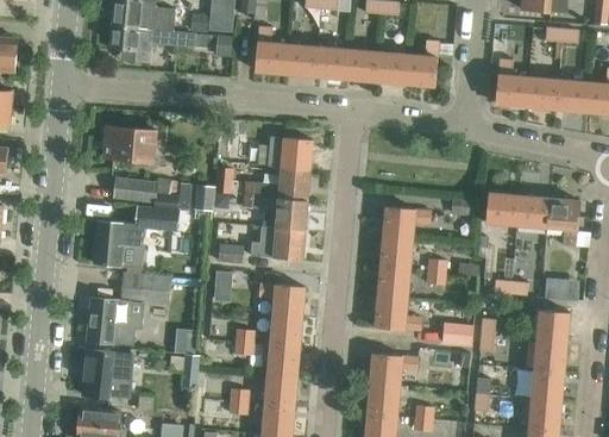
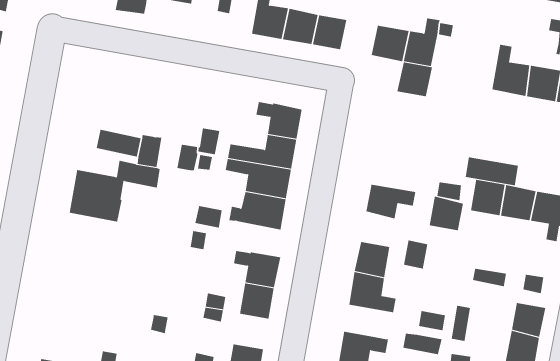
building: [344,49,377,81] -> [397,62,433,97]
building: [102,126,156,163] -> none
building: none -> [465,157,519,186]
building: [381,235,413,267] -> [429,196,464,231]
building: [86,273,171,345] -> none
building: [265,347,299,379] -> none
building: [81,351,134,400] -> none

